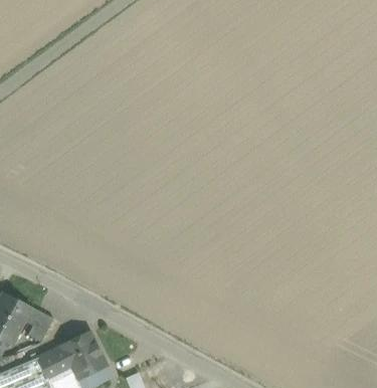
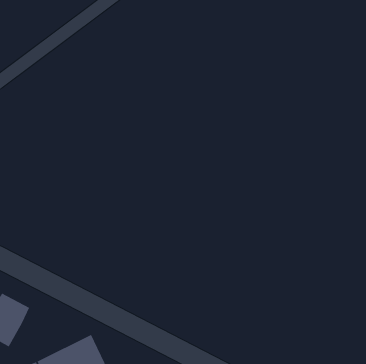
building: [24,307,53,342] -> none

